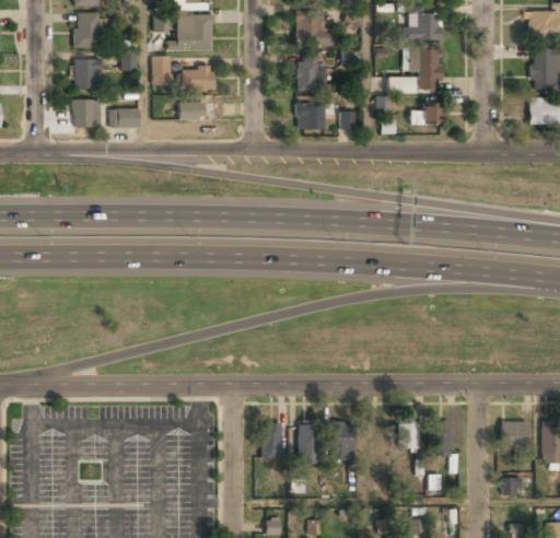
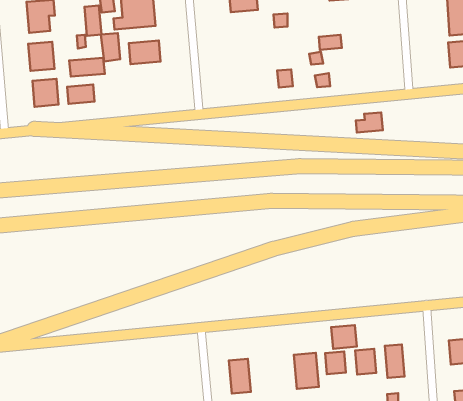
building: none -> [84,6,101,36]
building: [404,48,441,90] -> none
building: [296,59,326,91] -> none
building: [178,102,215,119] -> [69,58,105,77]
building: [295,104,325,129] -> none
building: [412,105,441,125] -> [356,112,383,133]
building: none -> [331,325,357,349]
building: [299,423,317,463] -> none

